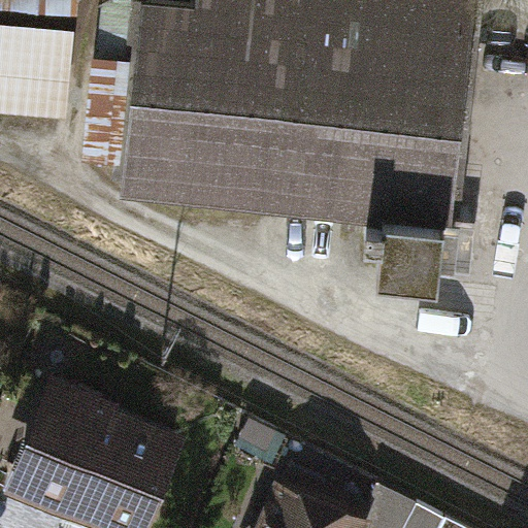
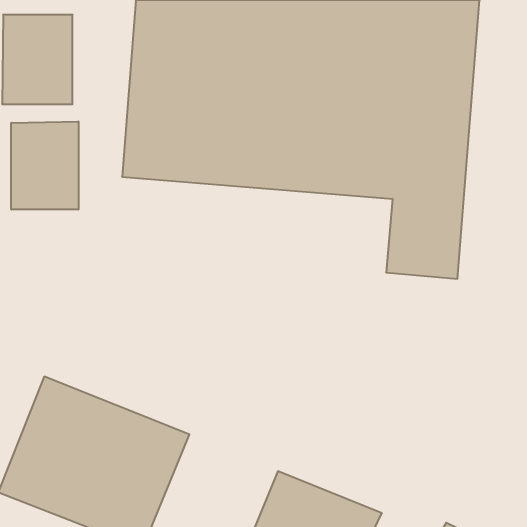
building: none -> [11,121,78,210]

